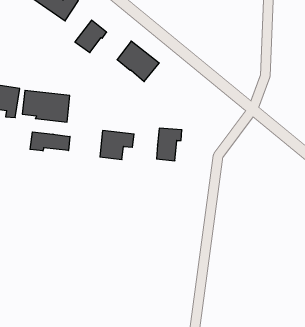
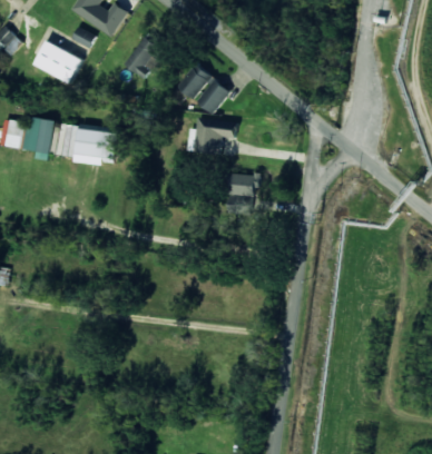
building: none -> [35,41,81,81]
building: [100,131,134,160] -> [193,117,236,154]
building: [30,132,70,151] -> none

